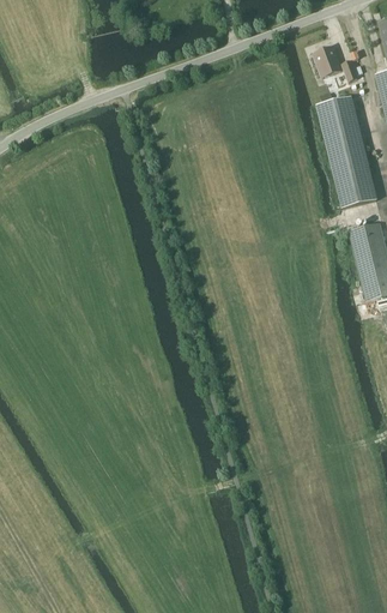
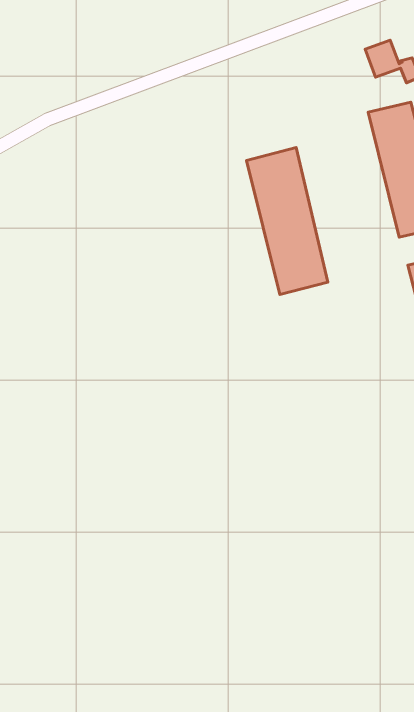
building: none -> [247,148,328,294]

